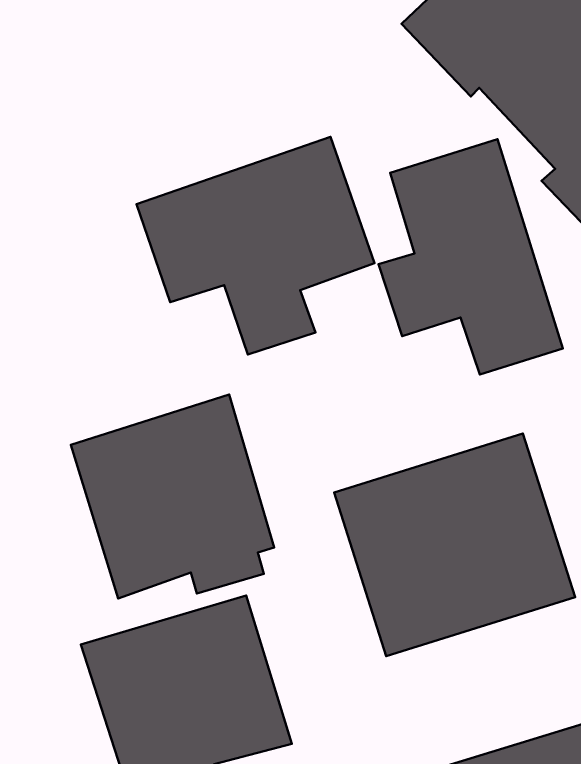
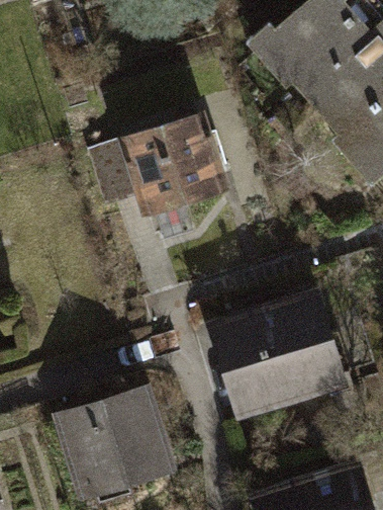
building: [378,139,563,375] -> none
building: [71,394,274,598] -> none

